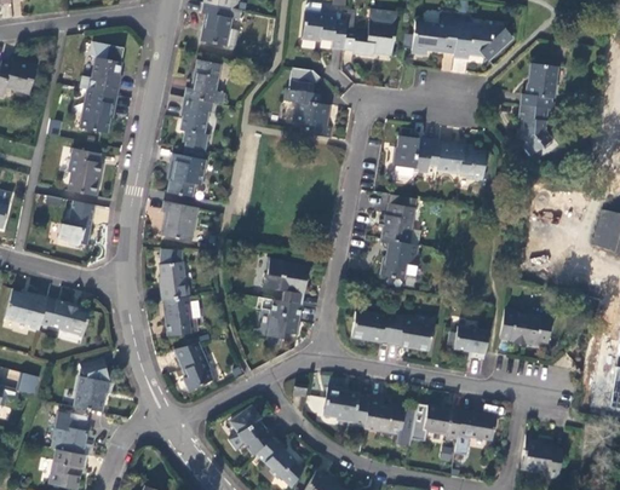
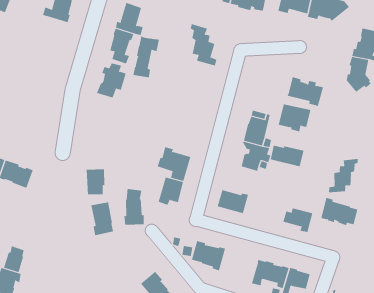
building: [82,90,119,133] -> none
building: none -> [133,35,160,78]
building: [396,136,441,173] -> [278,104,311,132]
building: [68,148,103,195] -> none
building: [58,200,96,246] -> none
building: [161,201,197,242] -> none
building: none -> [270,145,304,167]
building: [159,248,189,300] -> [124,188,144,225]
building: none -> [328,158,358,193]
building: [390,315,432,350] -> none
building: [73,357,108,413] -> none
building: [362,393,414,445] -> none
building: [228,407,272,455] -> none

